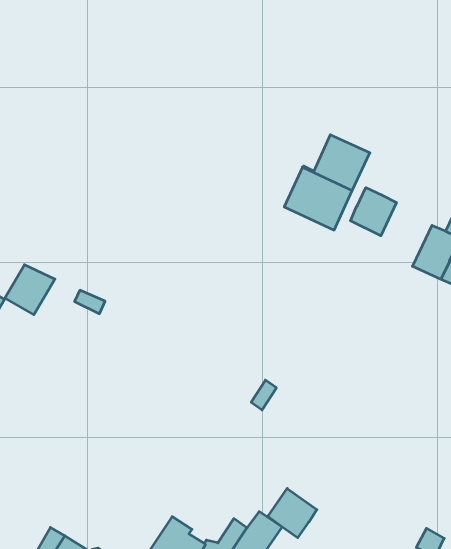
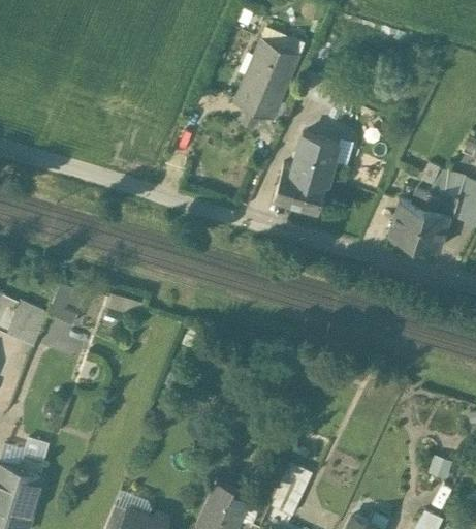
building: none -> [239,40,299,115]
building: [350,188,396,236] -> none
building: [268,488,317,538] -> none

